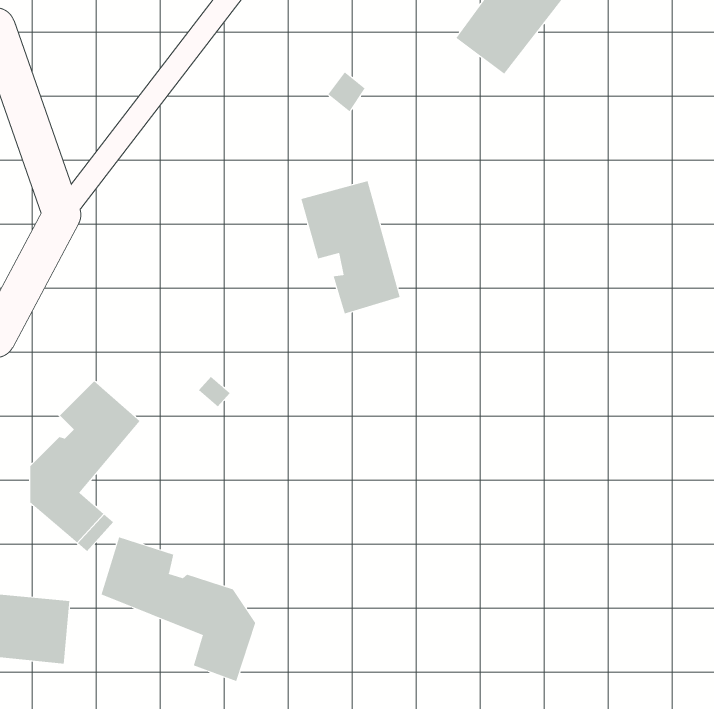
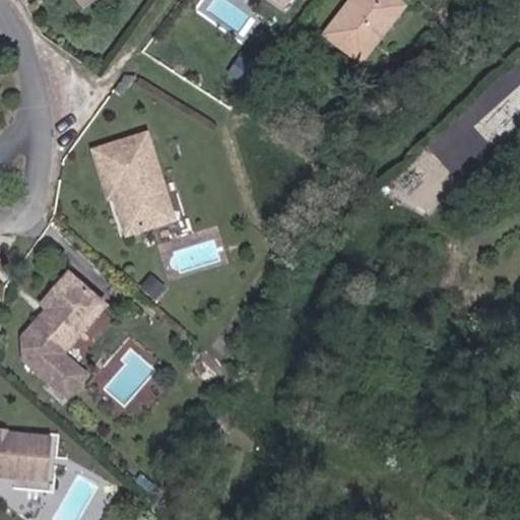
building: [301,181,400,314] -> [98,132,170,229]
building: [101,537,256,682] -> none

